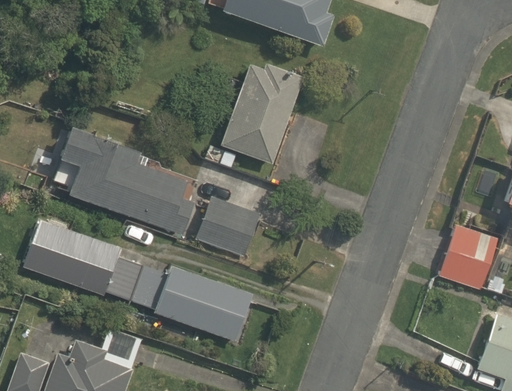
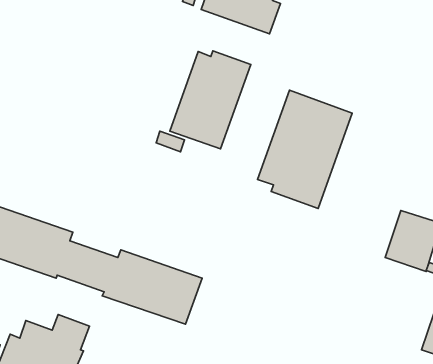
building: none -> [258,90,352,208]
building: [69,135,195,235] -> none
building: [198,197,260,255] -> none

